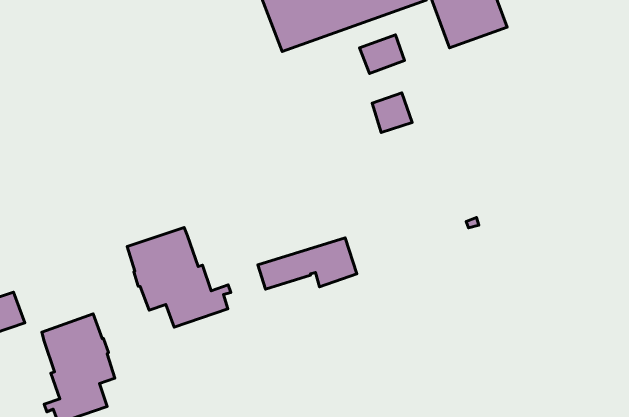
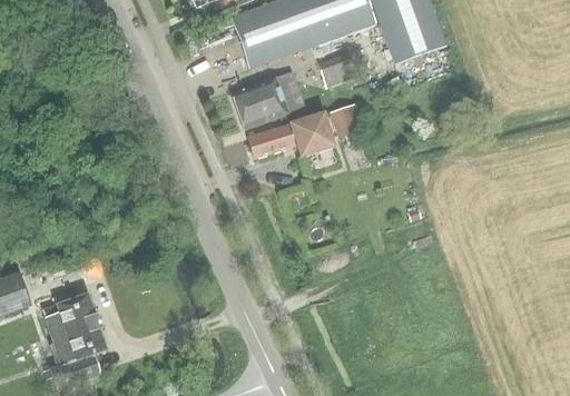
building: none -> [230,72,304,130]
building: [127,227,231,327] -> none
building: [258,238,357,289] -> [247,115,333,159]

